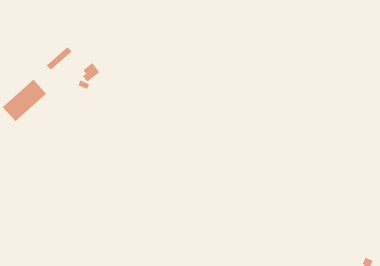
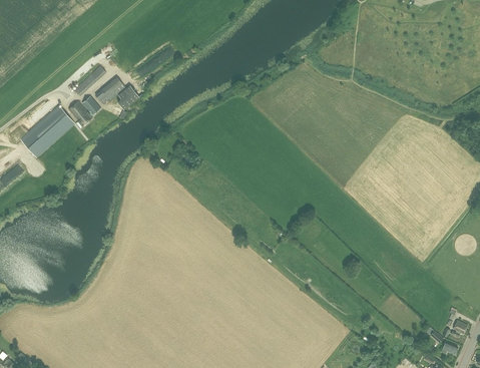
building: none -> [94,75,125,103]
building: none -> [68,95,100,125]

